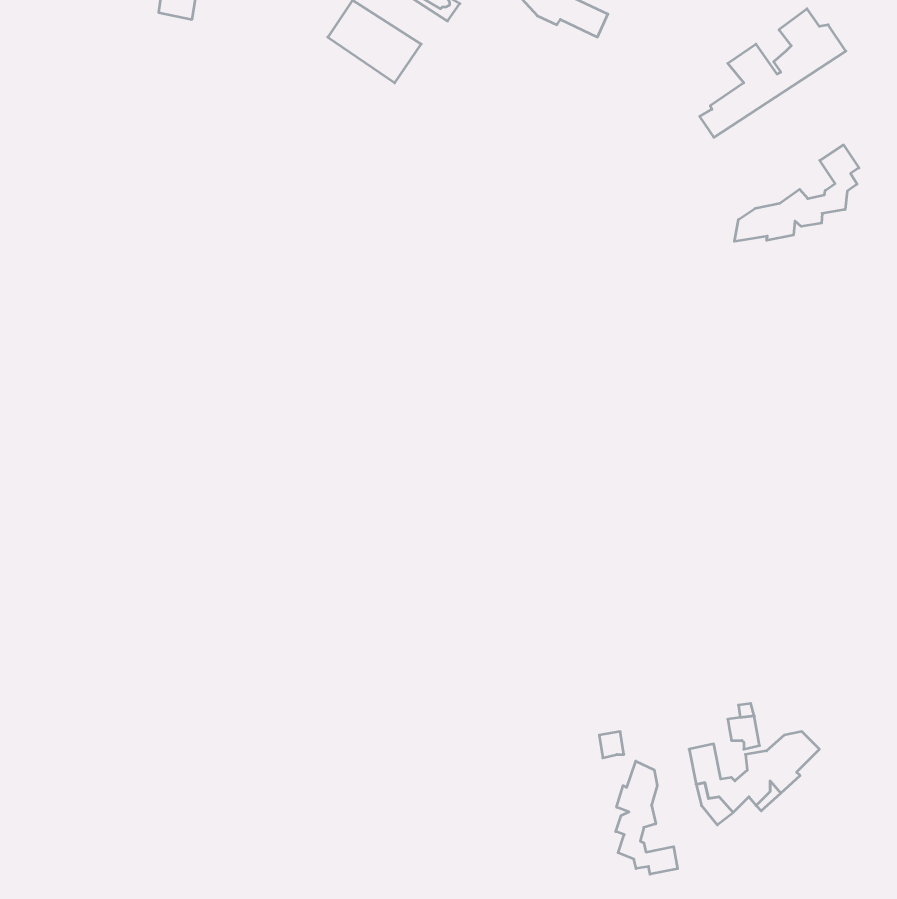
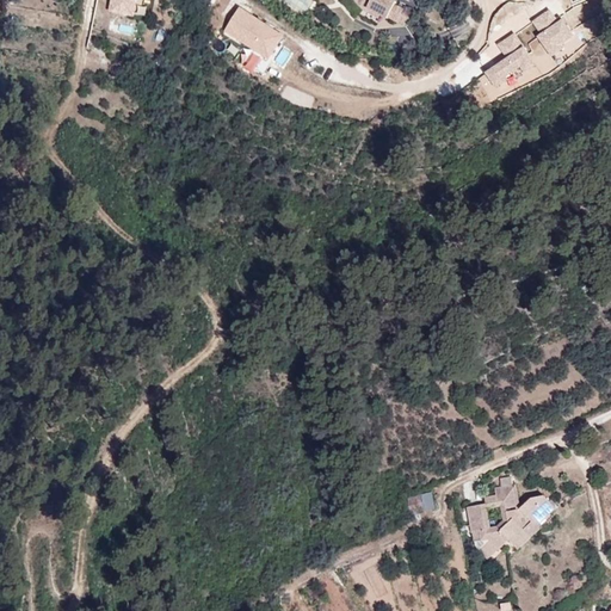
building: [734,145,859,241] -> none
building: [616,761,678,874] -> none

